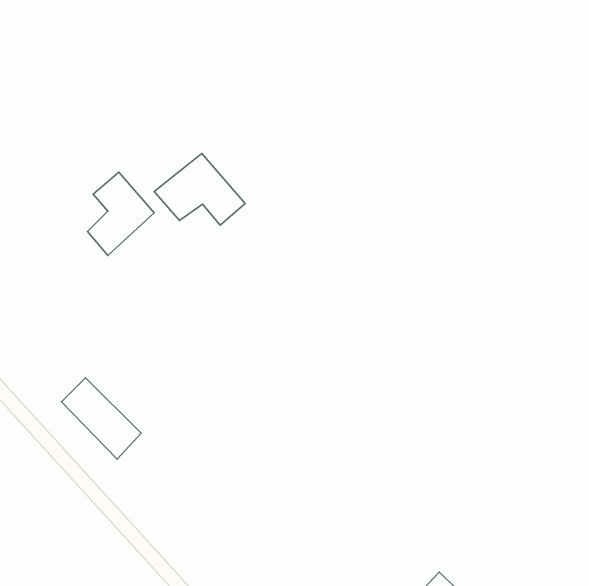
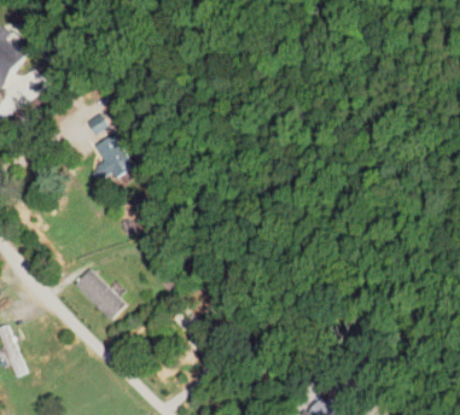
building: [154,153,245,225] -> none

